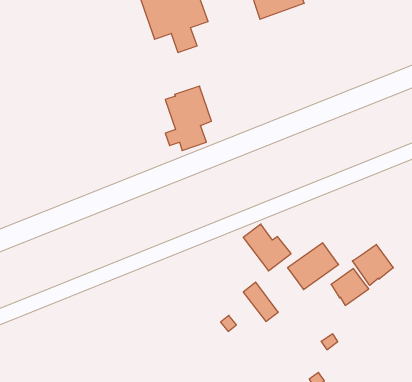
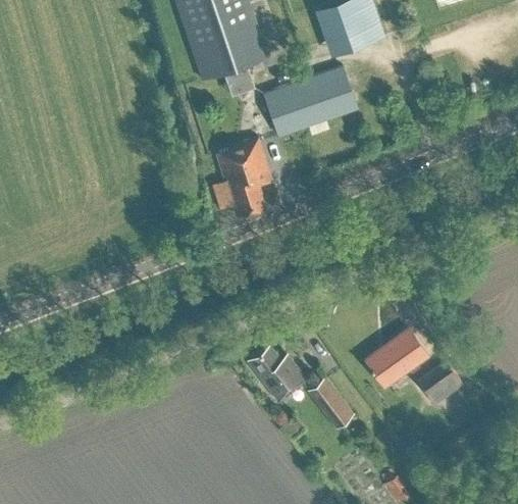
building: none -> [264,66,358,136]
building: [243,224,291,271] -> [248,344,306,401]
building: [352,244,393,285] -> none

